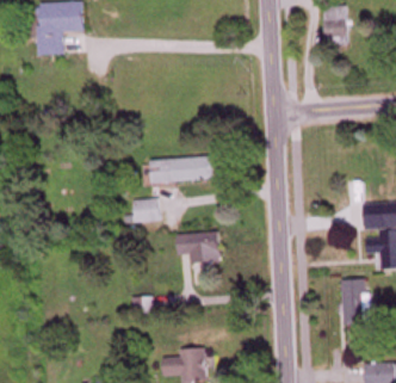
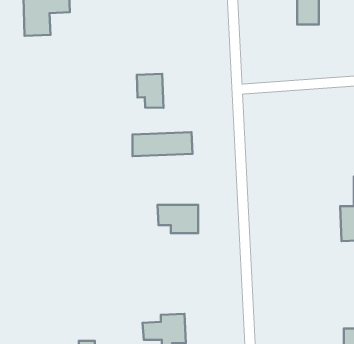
building: none -> [137,74,163,108]
building: [132,198,160,222] -> none
building: [342,279,372,323] -> none

